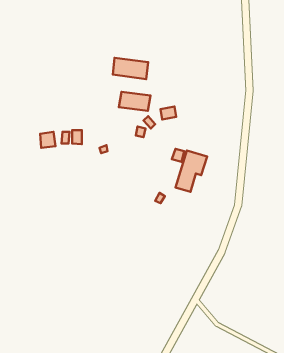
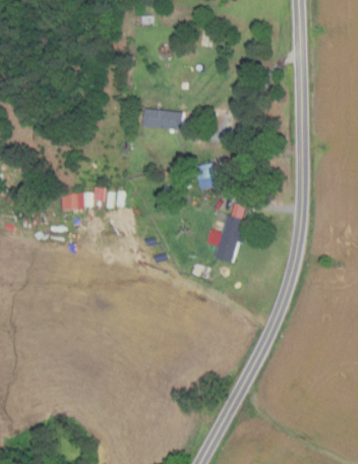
building: [119,92,150,111] -> none

